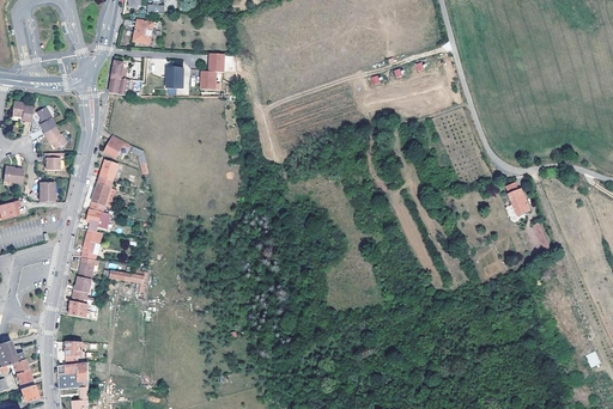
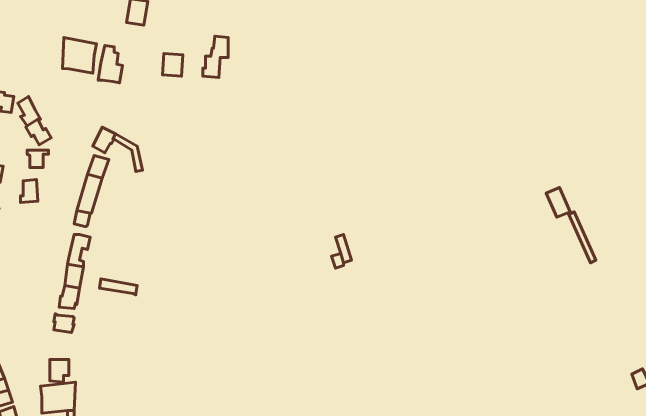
building: none -> [63,37,96,73]

